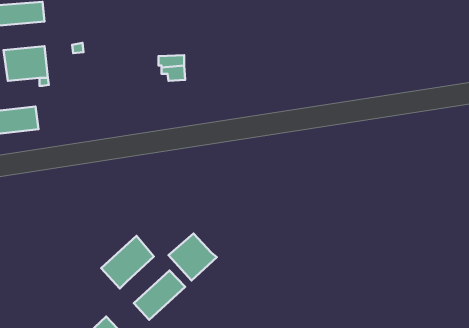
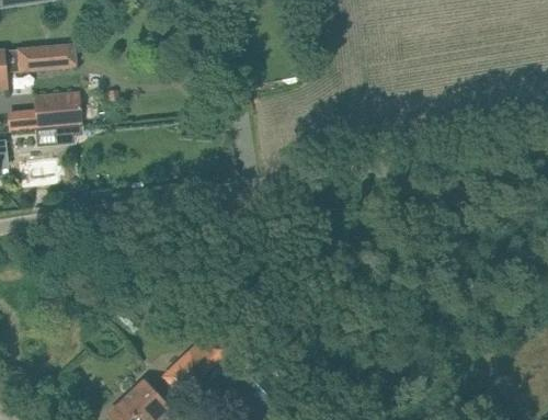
building: [168,233,217,280] -> none
building: [101,236,154,289] -> none

